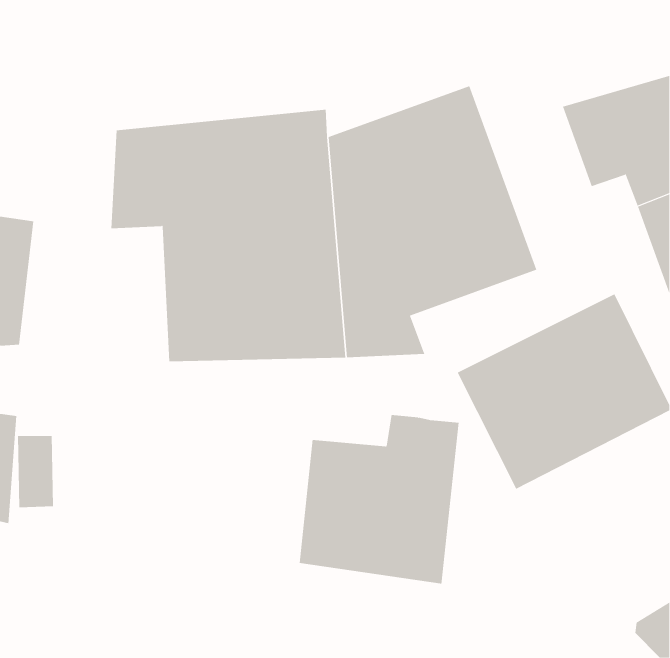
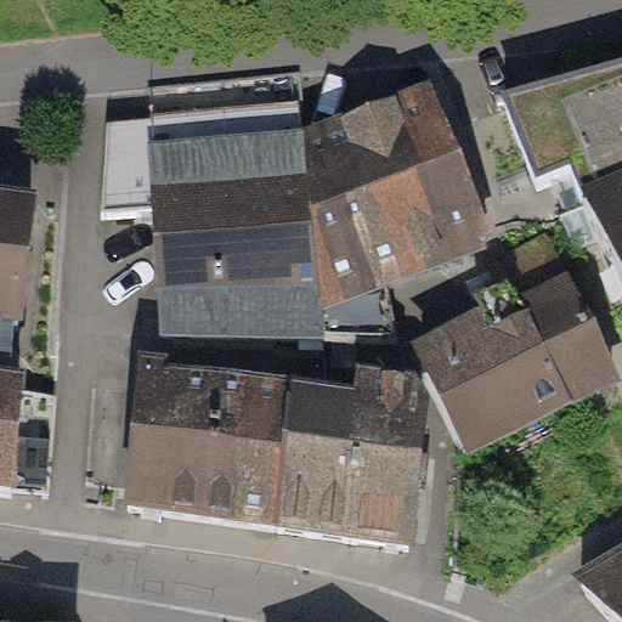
building: none -> [129,361,289,520]

